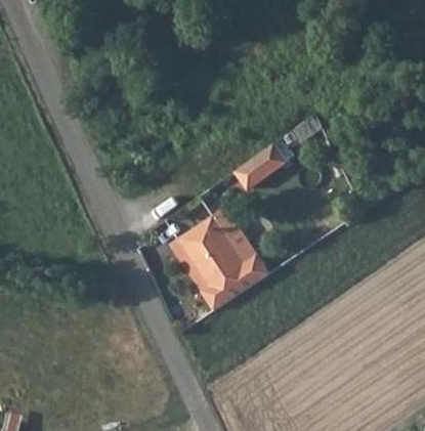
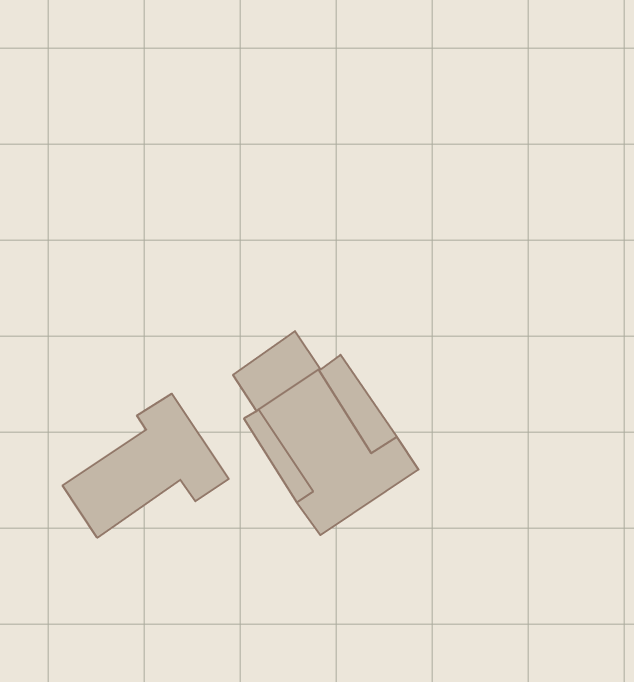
building: [235,145,288,191] -> none
building: none -> [63,394,229,538]

